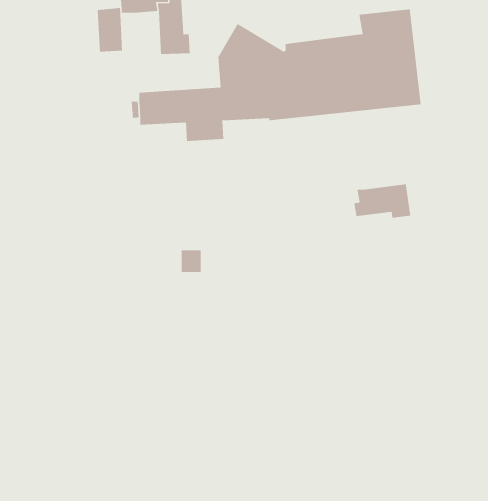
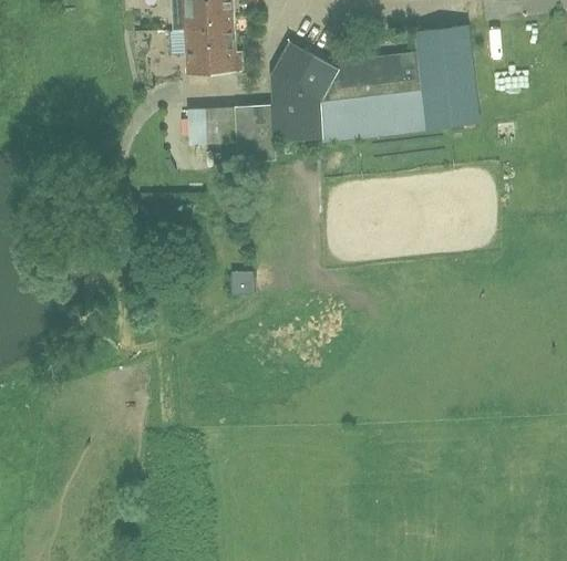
building: [97,8,123,52] -> [185,28,212,73]
building: [354,184,411,218] -> none

